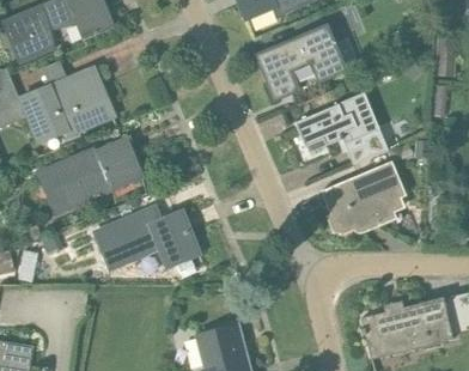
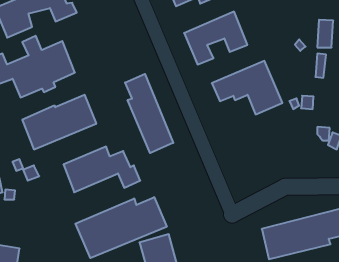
building: none -> [125,74,173,153]
building: [328,164,402,231] -> none
building: none -> [75,197,167,258]

